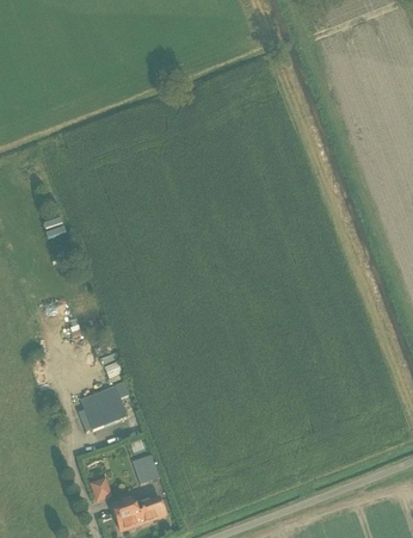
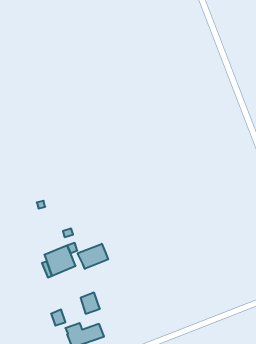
building: none -> [78,244,108,269]

